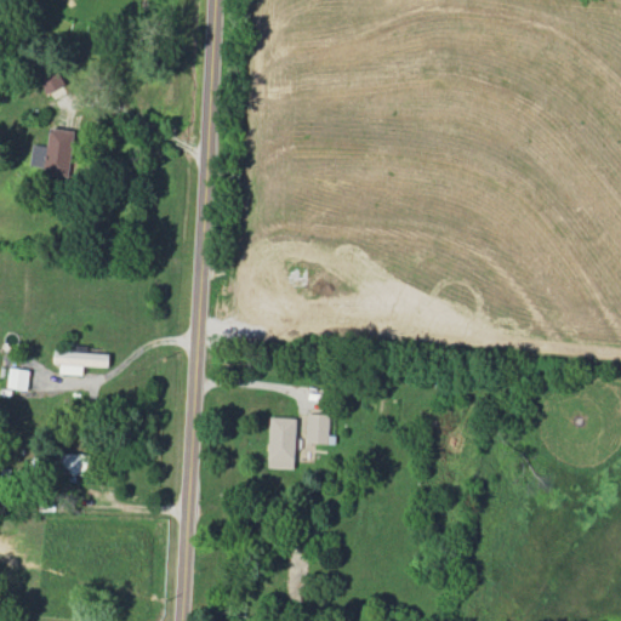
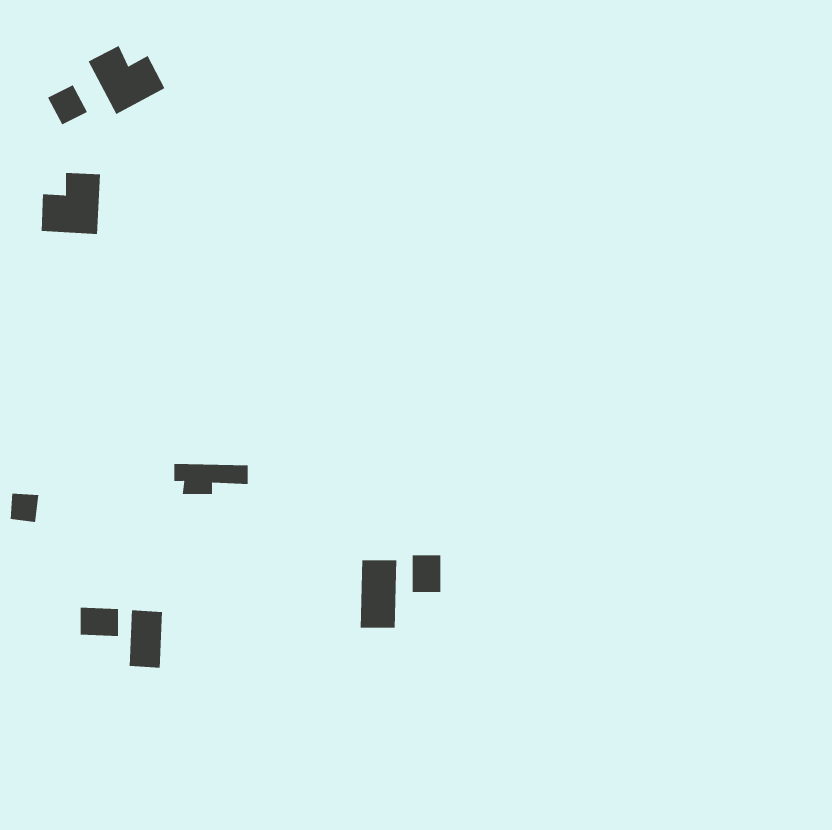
building: none -> [88,45,165,115]
building: [53,352,109,375] -> [174,463,249,494]
building: none -> [129,610,163,668]

